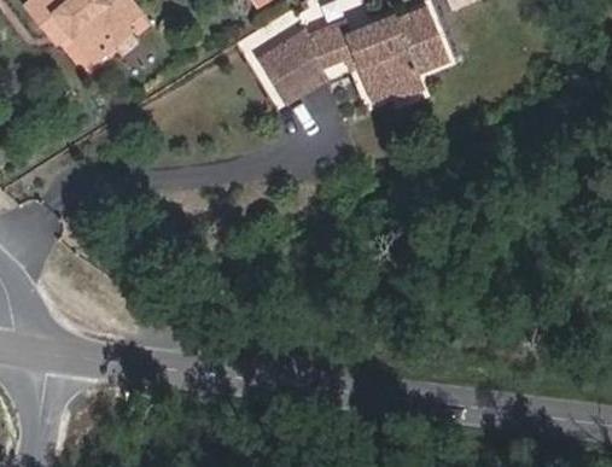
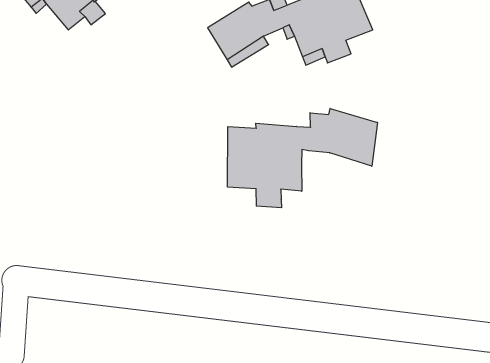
building: none -> [228,108,377,208]

